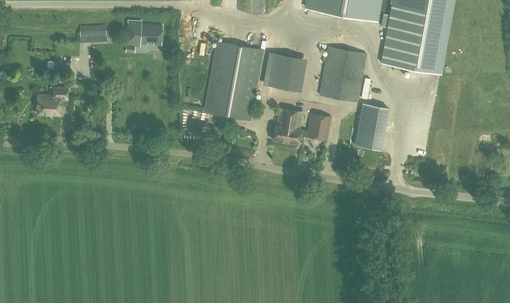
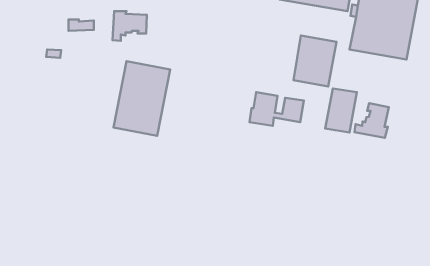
building: [202,41,263,121] -> [113,61,170,136]
building: [262,52,306,92] -> none
building: [37,88,67,115] -> none
building: none -> [354,103,389,138]

